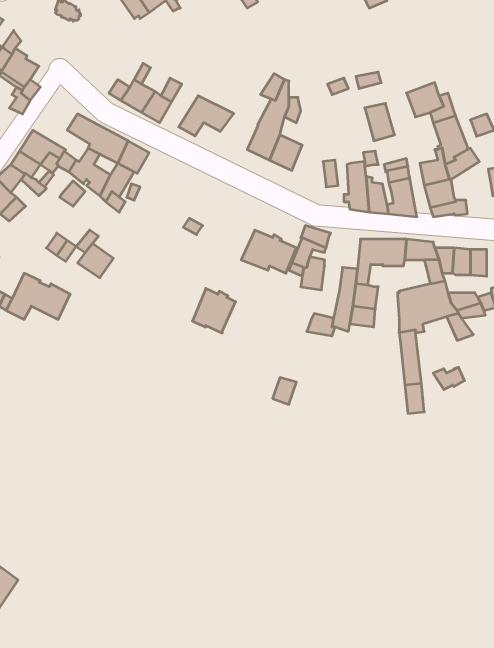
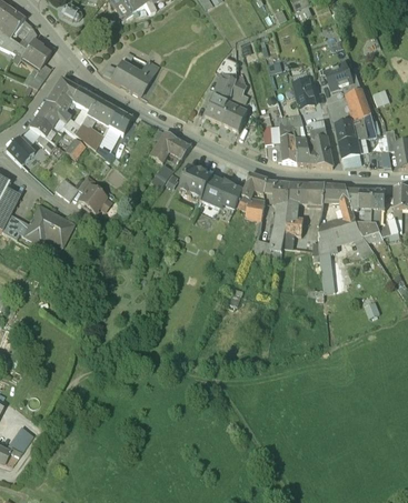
building: [179,96,234,136] -> [150,131,191,161]
building: none -> [46,78,79,112]
building: none -> [263,180,290,204]
building: [192,288,236,333] -> [179,165,211,199]

